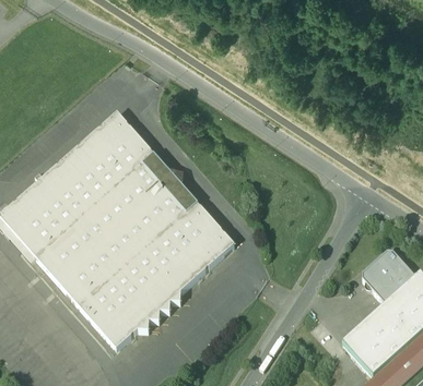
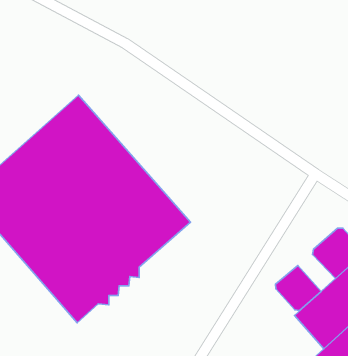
building: none -> [275,266,321,310]

